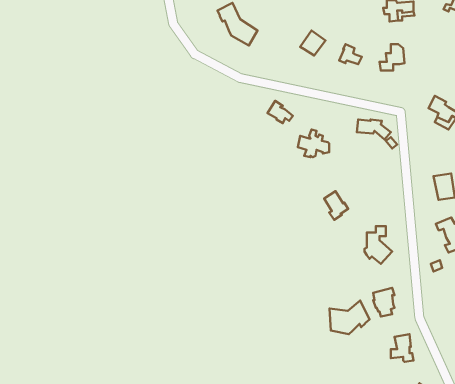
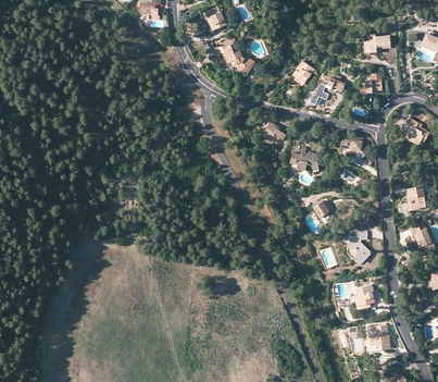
building: [330,300,369,334] -> none

